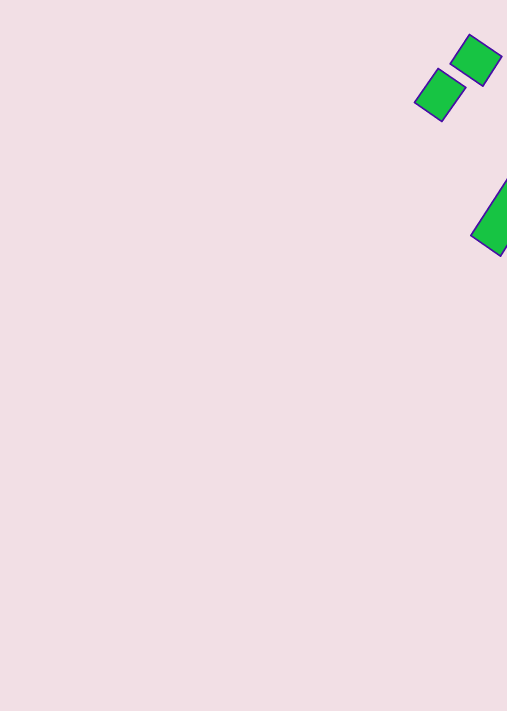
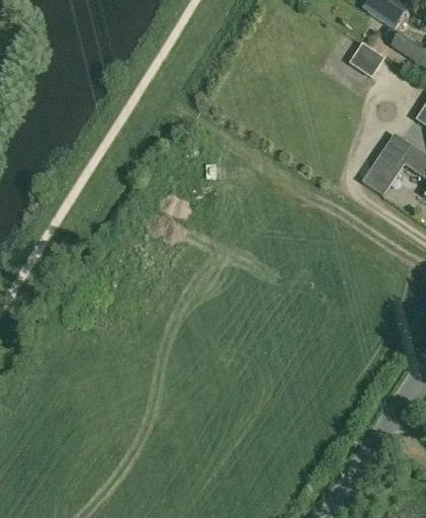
building: [414,69,466,121] -> none

